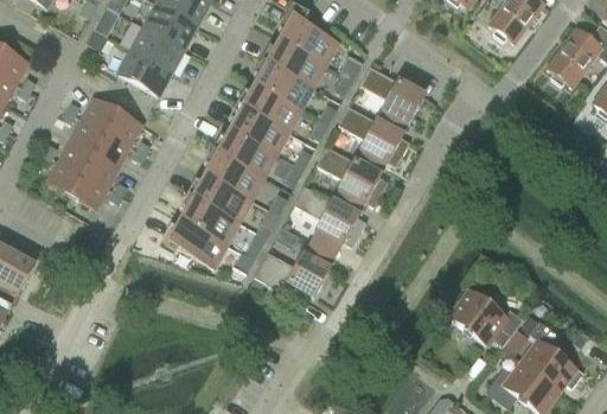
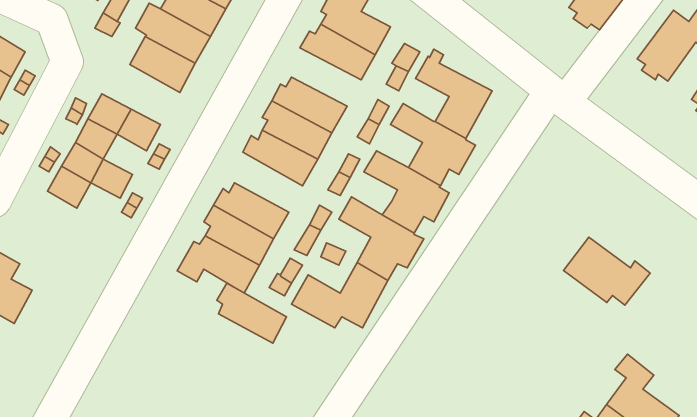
building: [254,59,313,109] -> none
building: [94,133,130,167] -> none
building: [204,148,263,199] -> [217,283,287,343]
building: [71,174,108,209] -> none
building: [449,289,523,348] -> [564,237,650,305]

